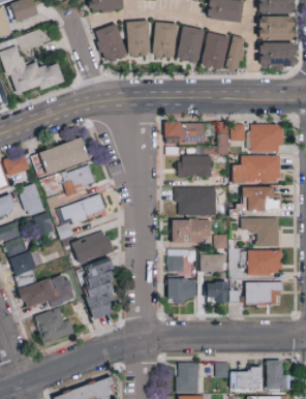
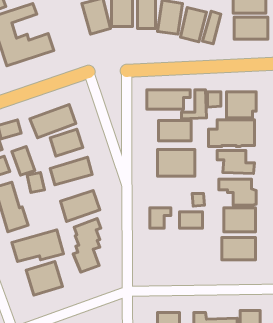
building: [171,219,209,243] -> none
building: [167,277,195,300] -> none
building: [206,281,239,302] -> none

